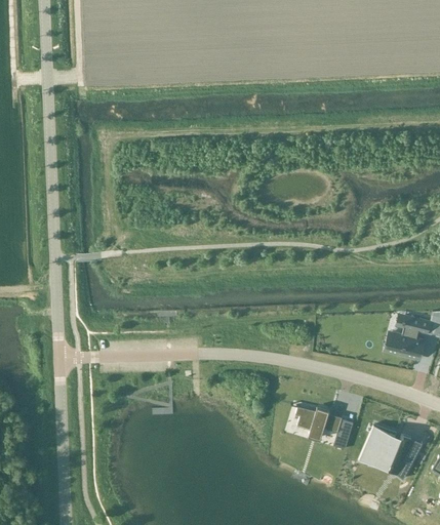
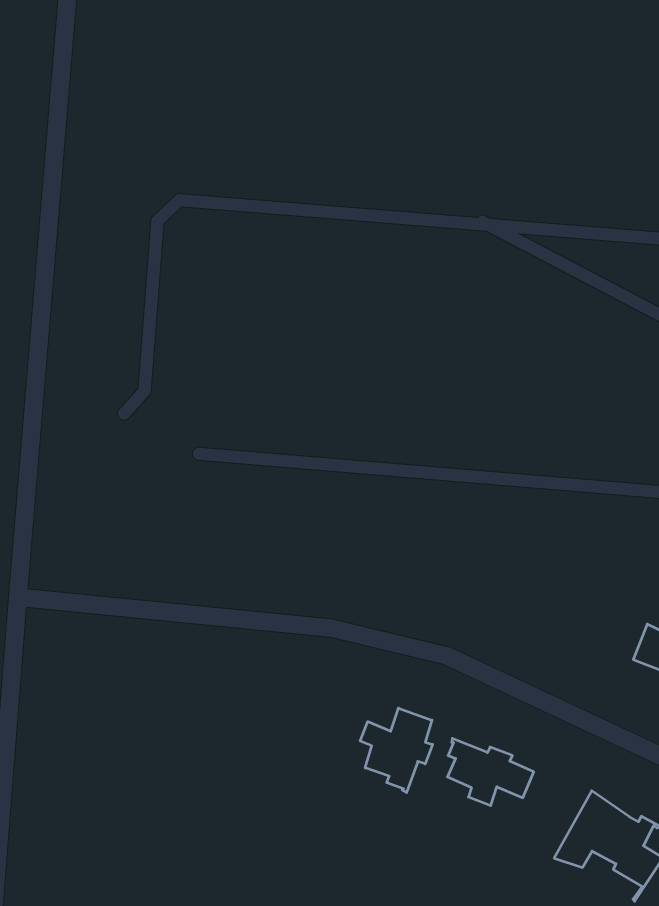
building: none -> [360,708,433,793]

